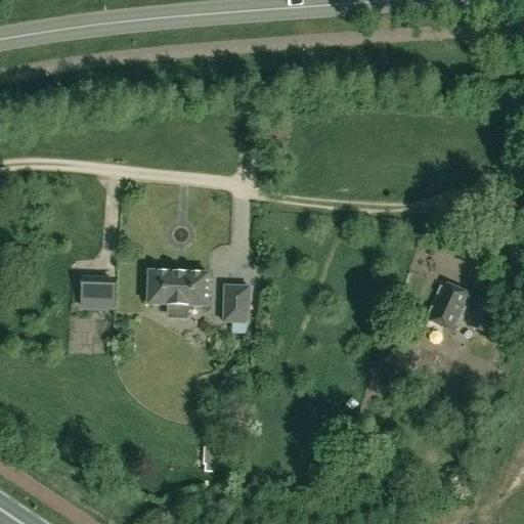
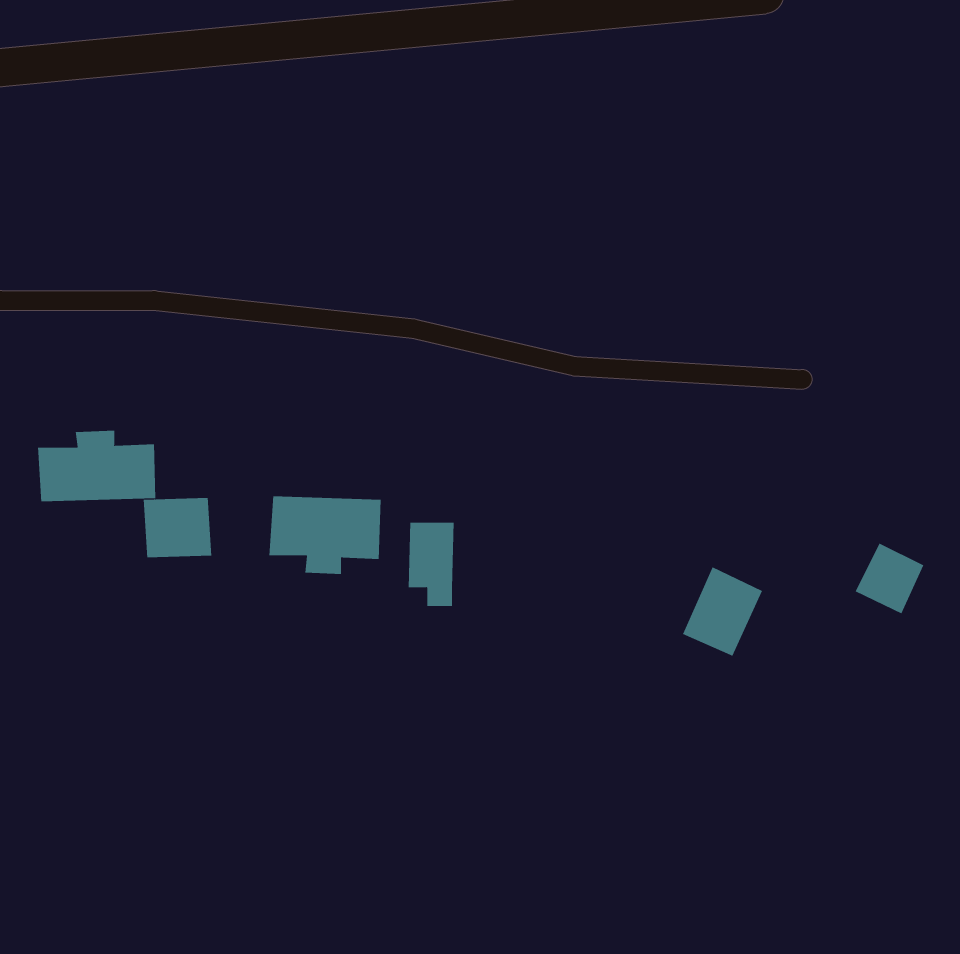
building: none -> [38,430,156,502]
building: [426,280,470,330] -> [682,566,763,657]

